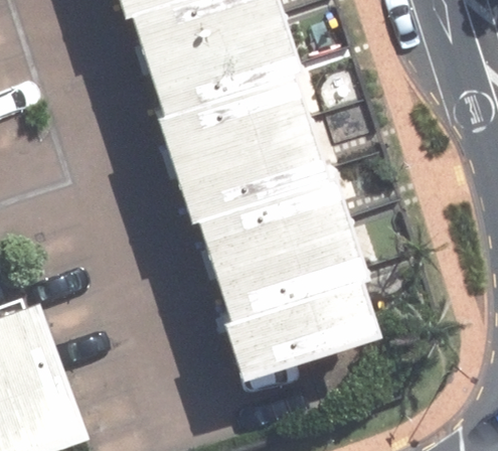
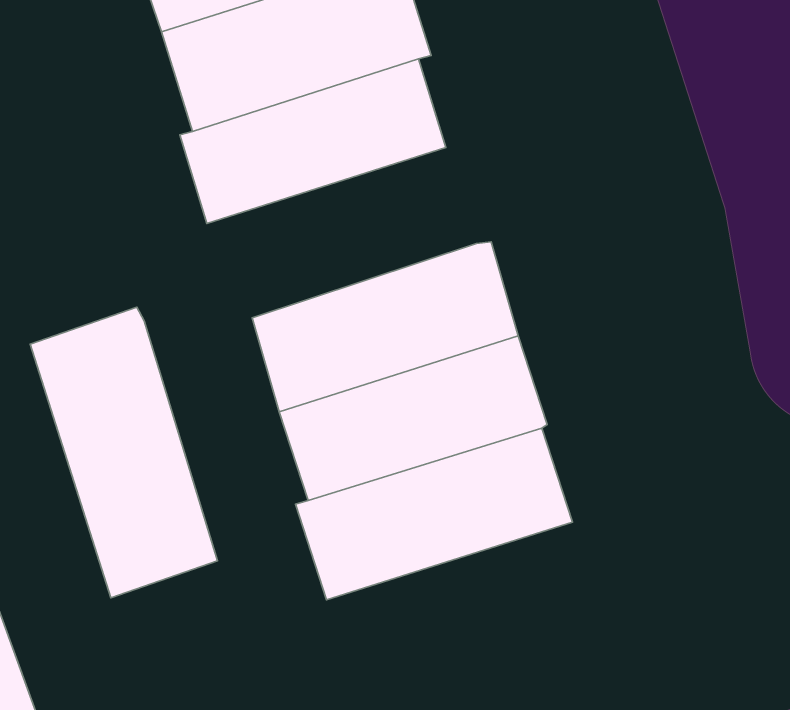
building: [165,106,315,201] -> none
building: none -> [30,307,217,598]

